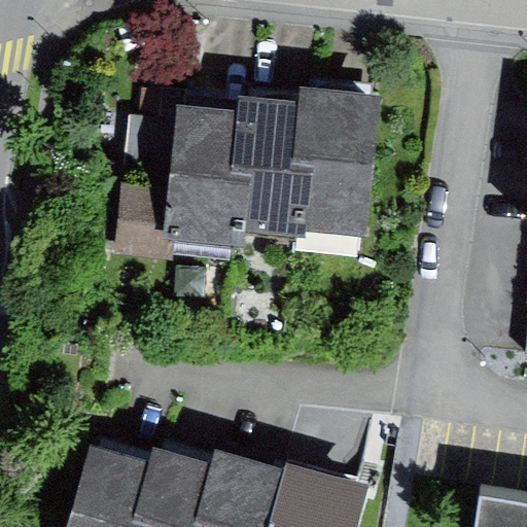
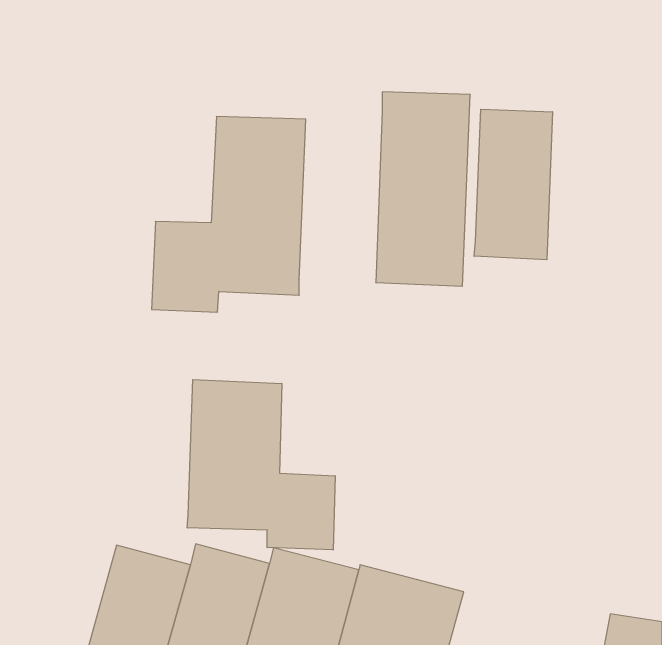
building: [238,99,304,238] -> none
building: none -> [474,109,552,260]
building: none -> [187,380,335,550]

